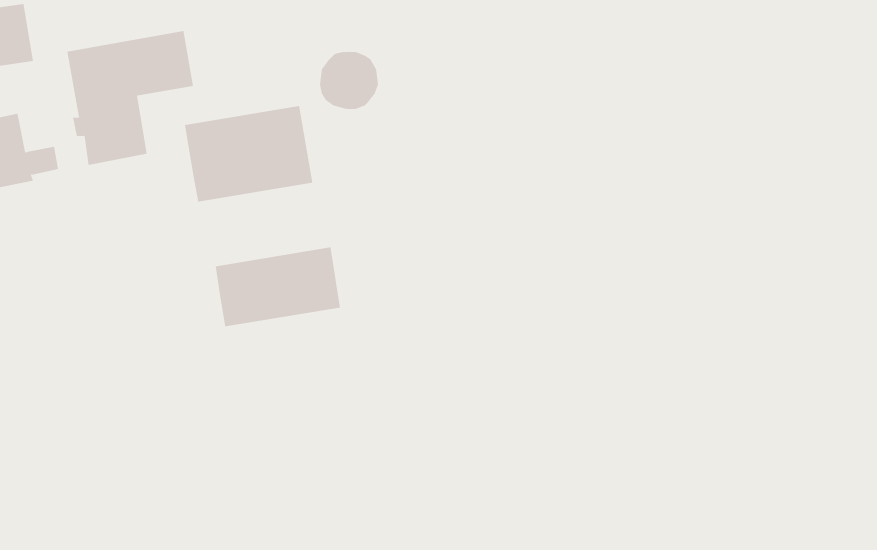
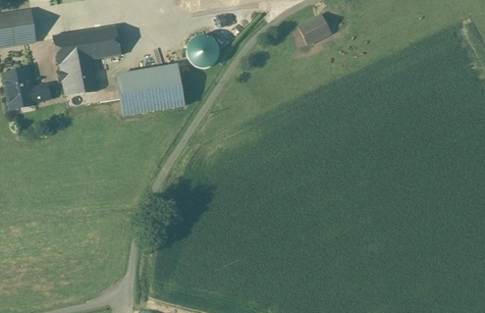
building: none -> [298,15,331,45]
building: [215,247,340,327] -> none

